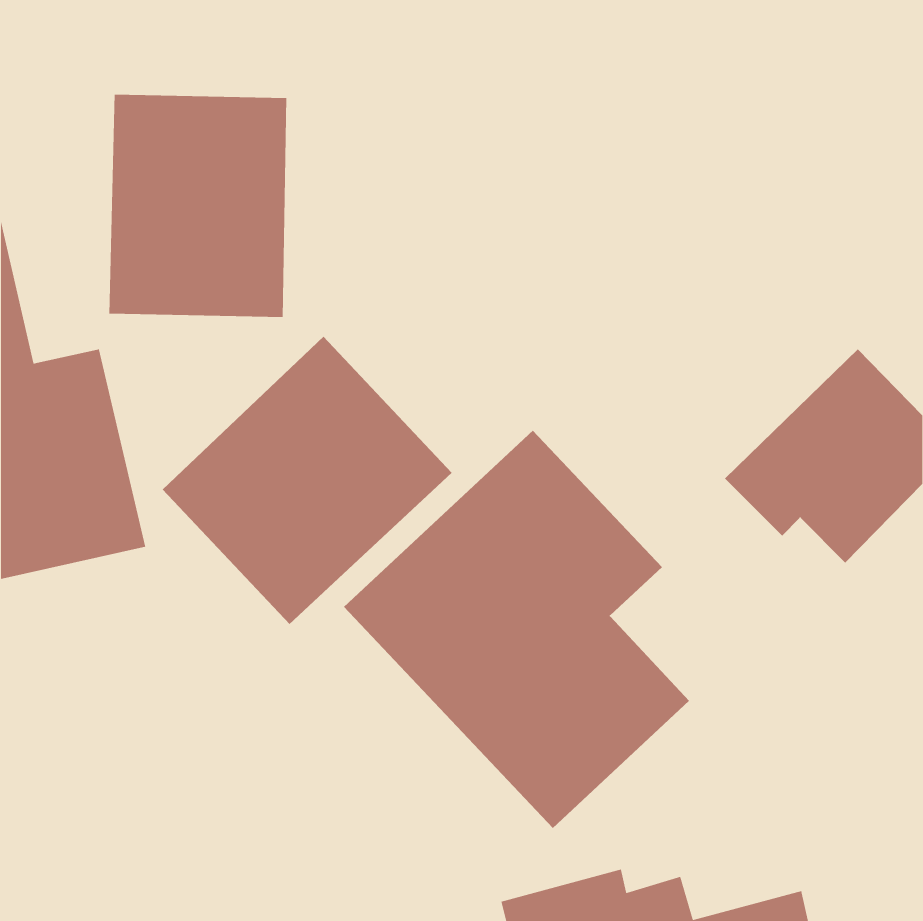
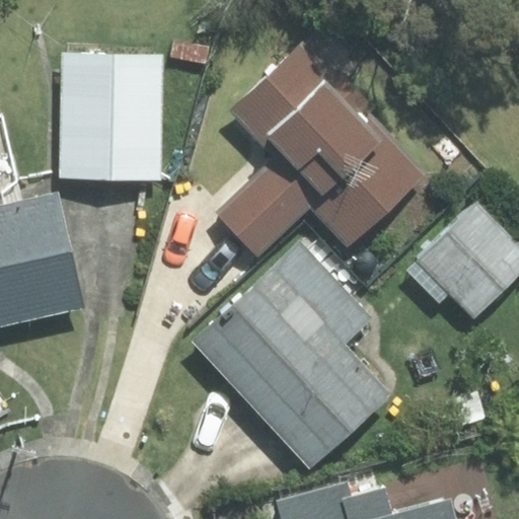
building: none -> [217,48,419,255]
building: [162,336,452,625] -> none

